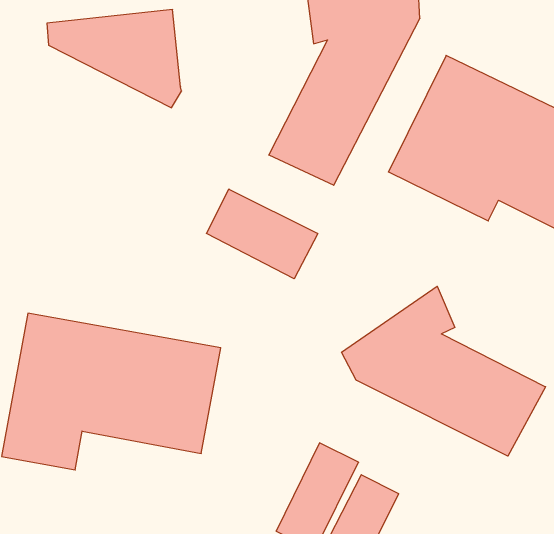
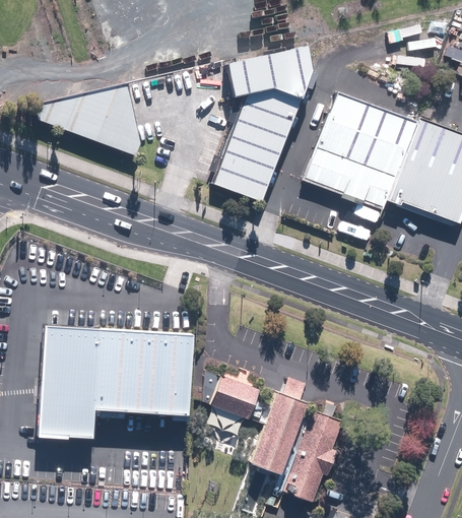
building: [206,189,318,279] -> none
building: [342,286,546,456] -> none
building: none -> [205,376,258,423]

